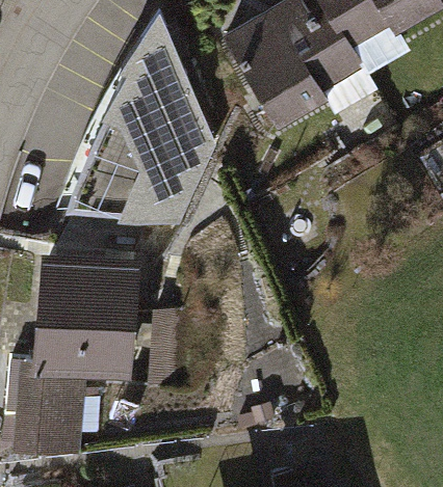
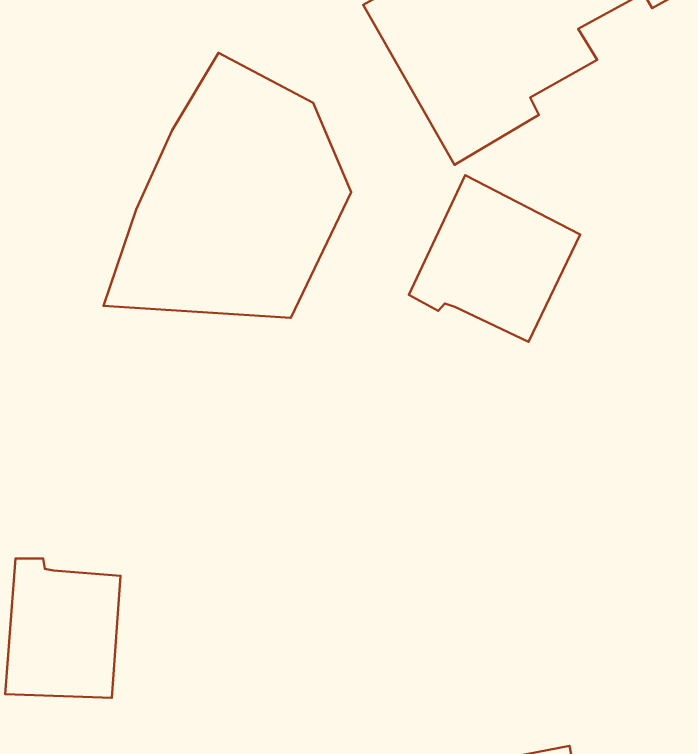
building: none -> [409,175,580,342]
building: [32,251,142,381] -> none

